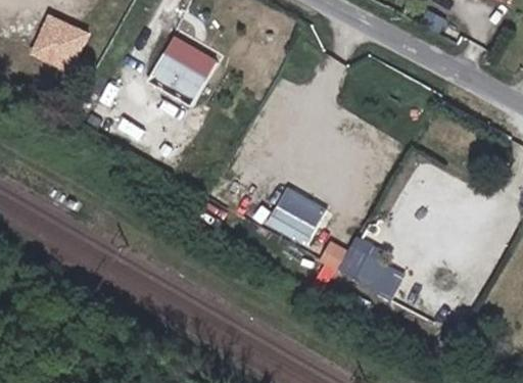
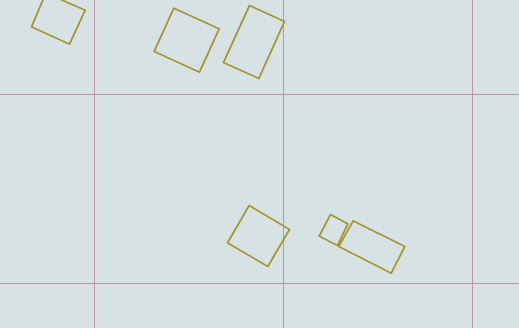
building: none -> [224,5,285,79]
building: [265,185,326,245] -> [228,206,289,266]

